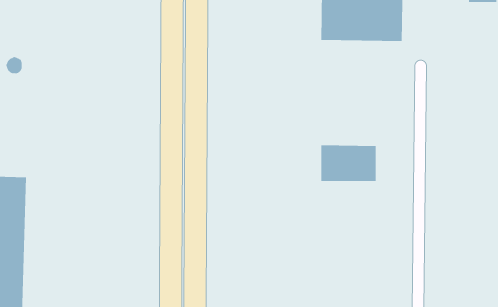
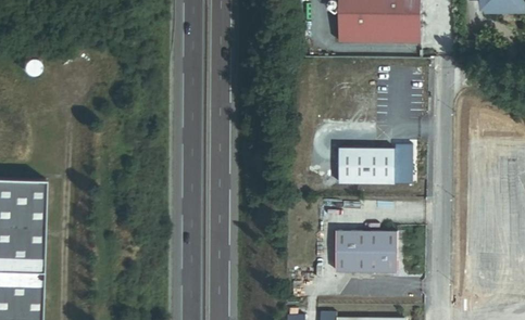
building: none -> [396,143,412,183]
building: none -> [336,230,398,271]

